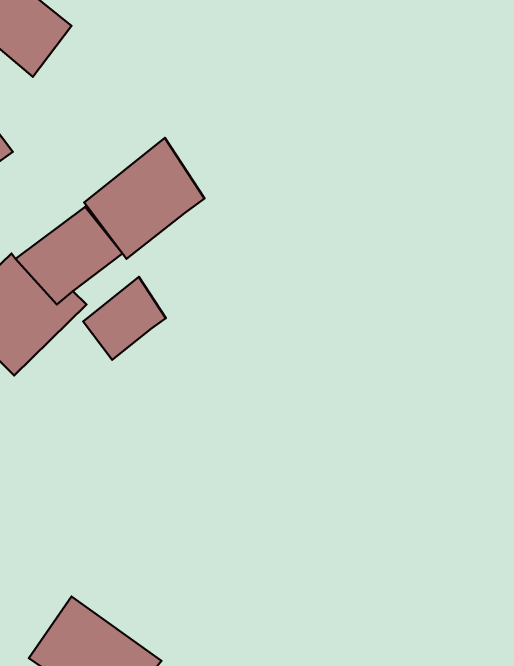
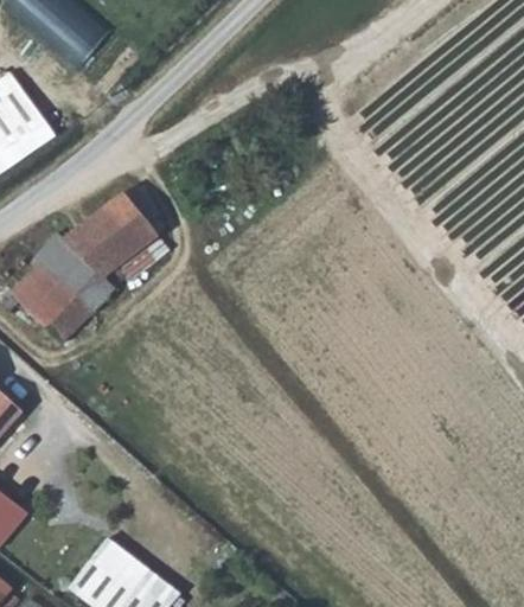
building: [84,138,205,259] -> none
building: [83,277,166,360] -> none

